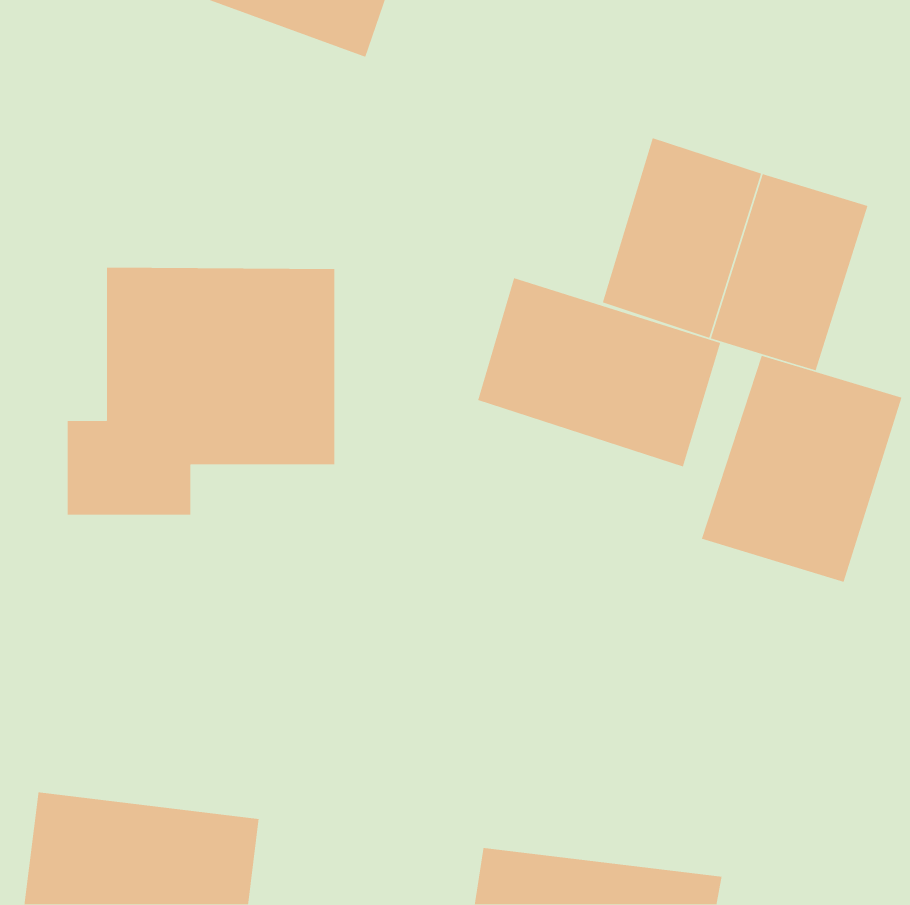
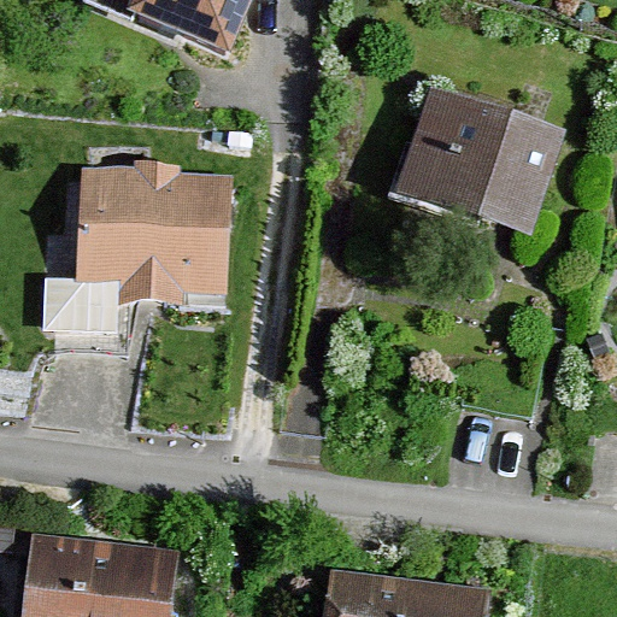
building: [477,277,721,468] -> none
building: [701,355,903,583] -> none

